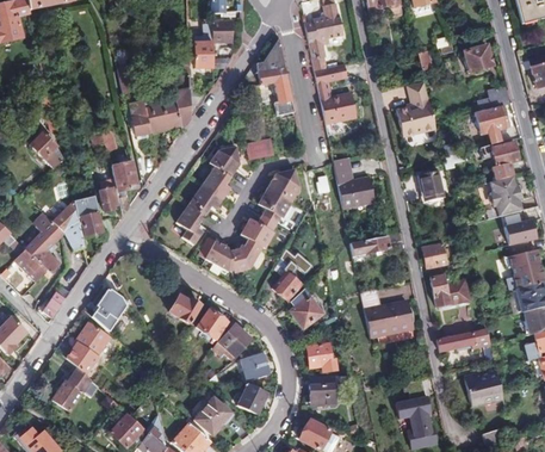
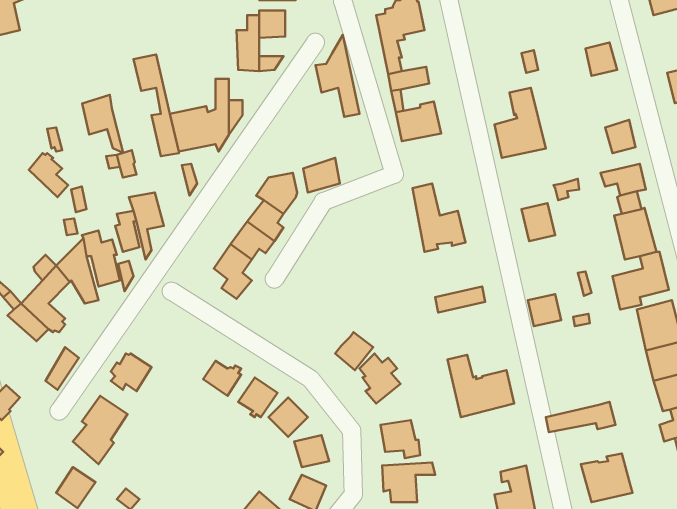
building: none -> [82,95,123,153]
building: [208,168,299,273] -> none
building: [429,272,470,307] -> none

